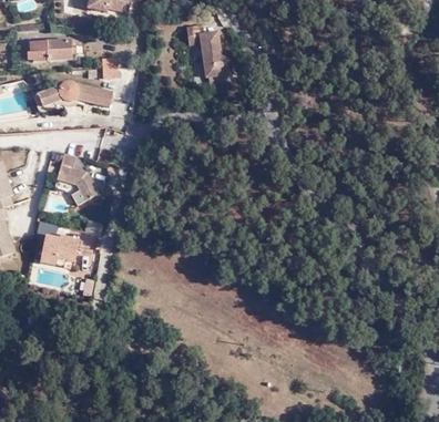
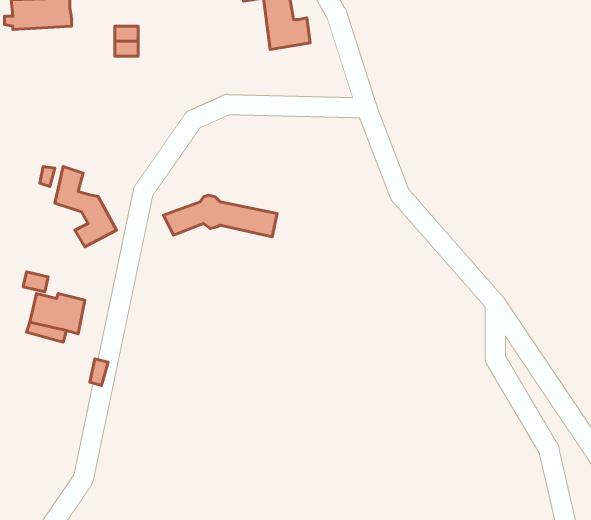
building: [37,80,112,107] -> [163,195,277,237]

